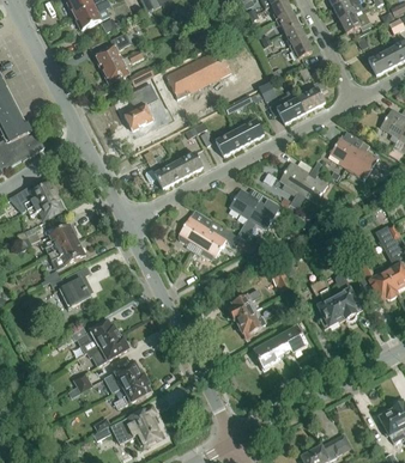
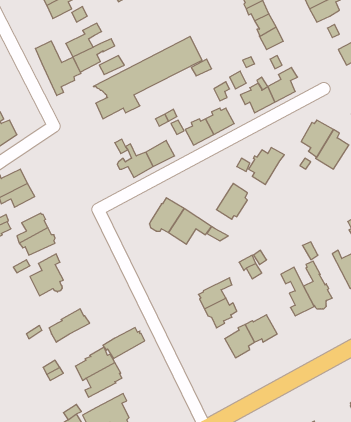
building: none -> [35,41,81,96]
building: [288,171,326,208] -> none
building: [229,187,259,223] -> none
building: [85,334,127,365] -> [103,328,145,359]

